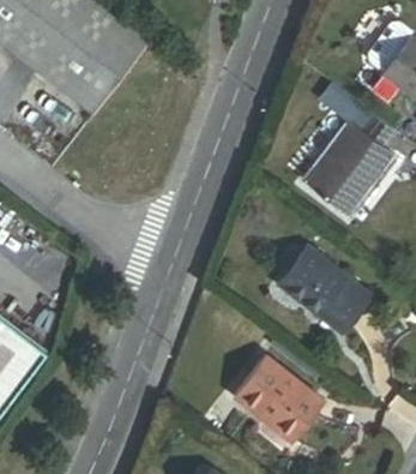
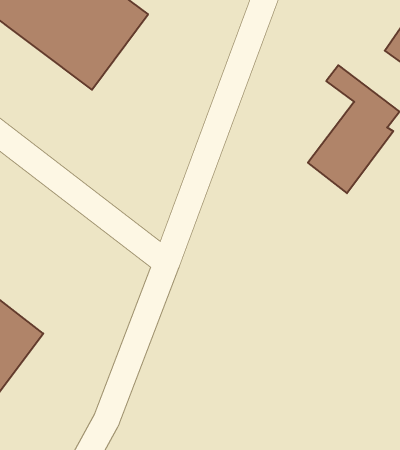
building: [278,250,366,329] -> none
building: [234,359,321,442] -> none

